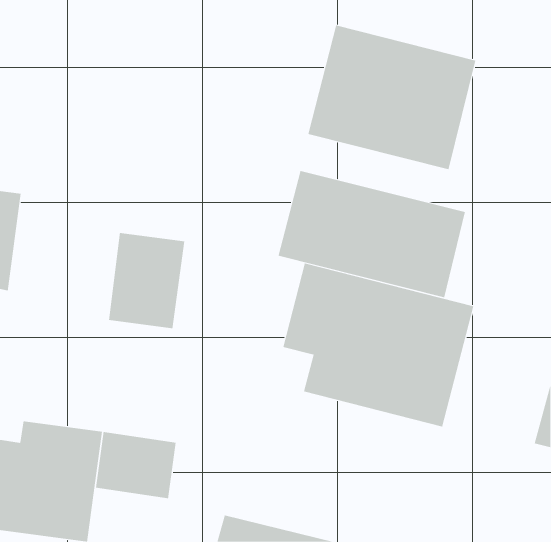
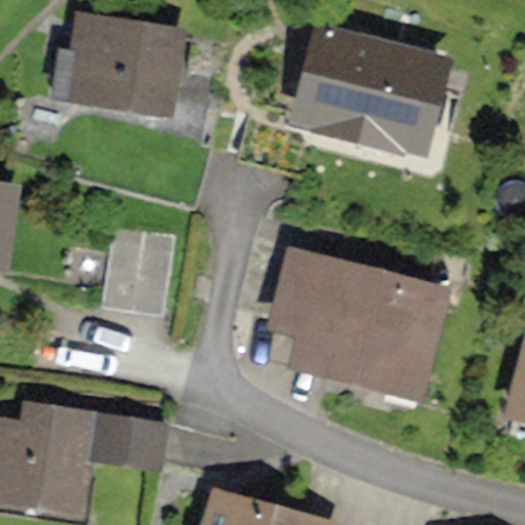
building: none -> [49,12,186,119]
building: [278,170,466,298] -> none

